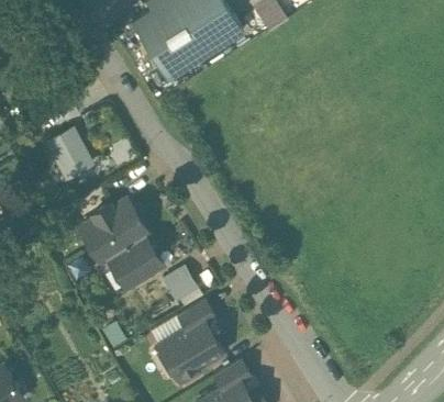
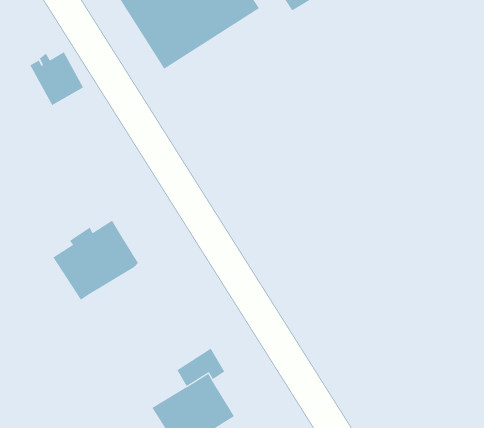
building: [47,132,90,175] -> [29,51,84,106]
building: [108,236,163,288] -> none
building: [163,265,200,304] -> none

